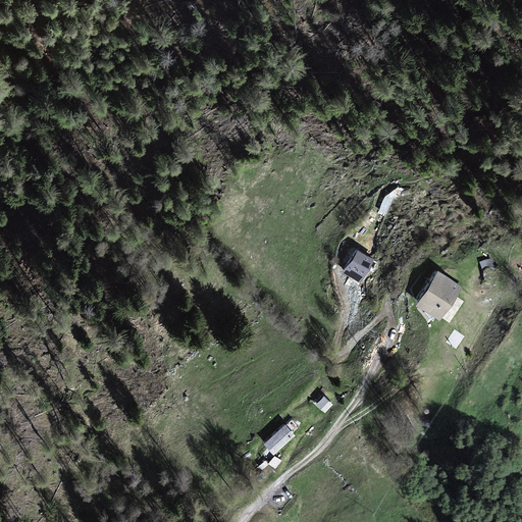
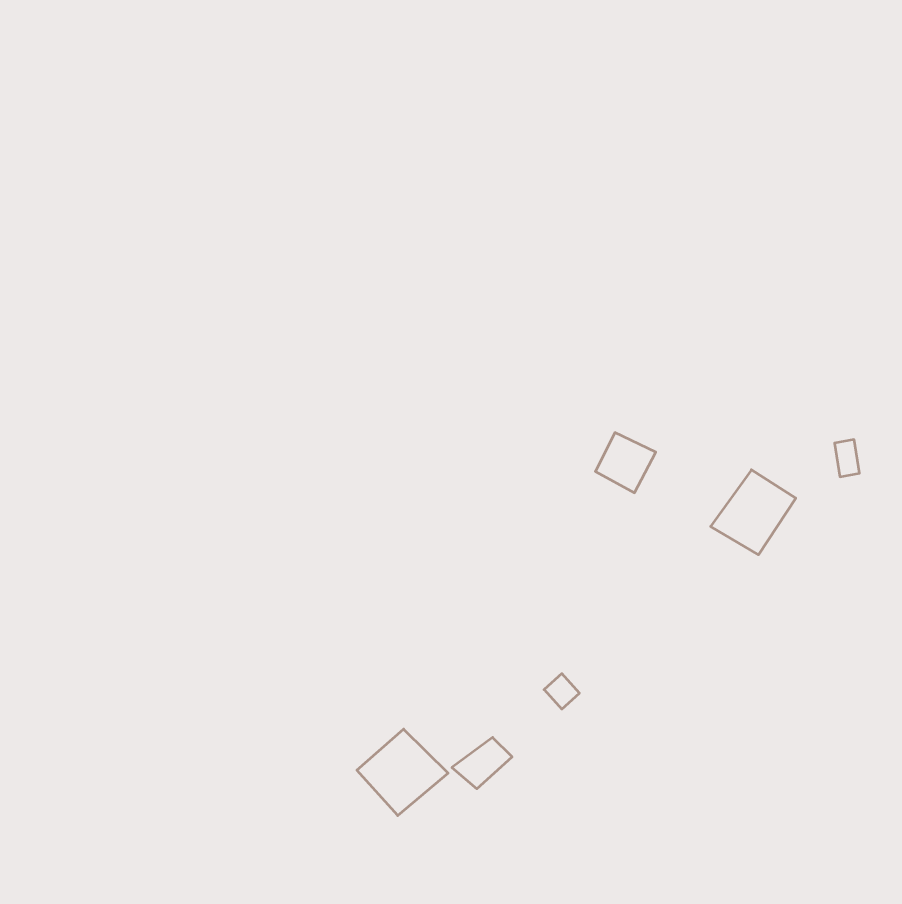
building: none -> [357,729,448,816]

